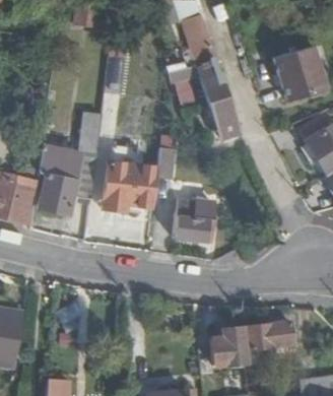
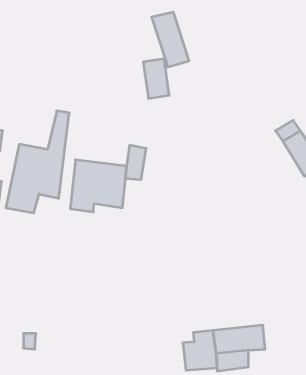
building: [272,48,326,104] -> none
building: [195,65,239,141] -> none
building: [170,200,212,244] -> none

